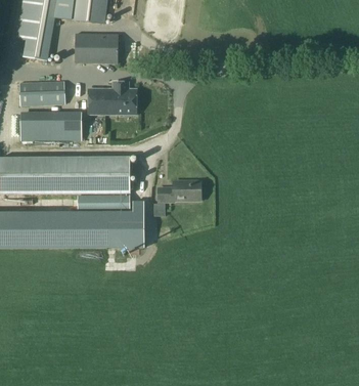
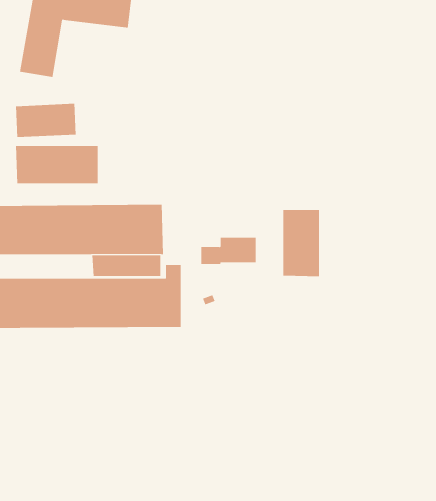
building: [75,33,119,63] -> none
building: [89,82,137,114] -> none
building: none -> [283,209,320,277]

